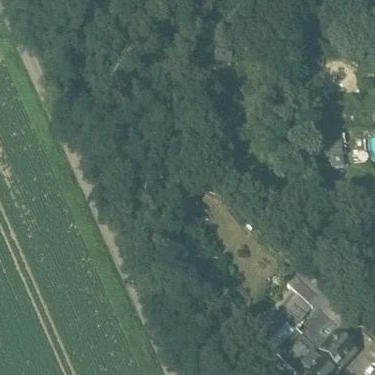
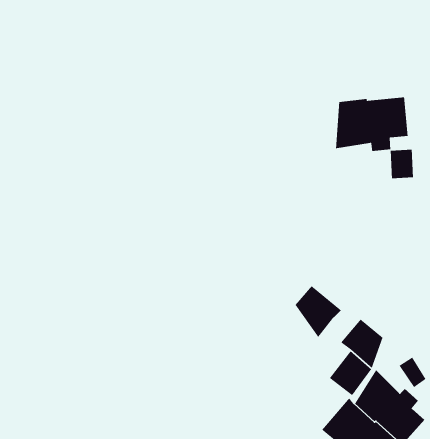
building: none -> [335,97,408,152]
building: none -> [295,285,342,338]

